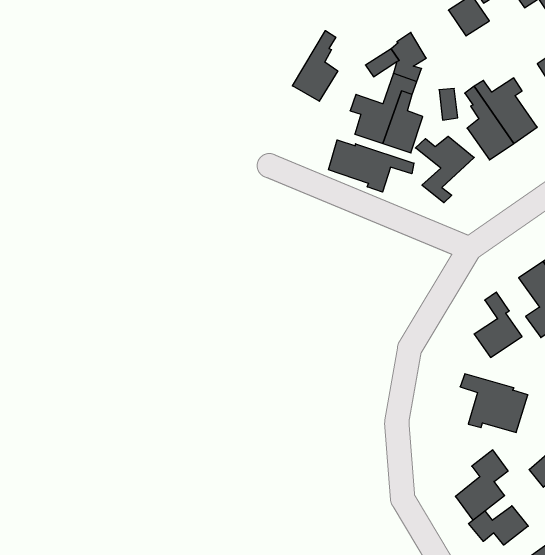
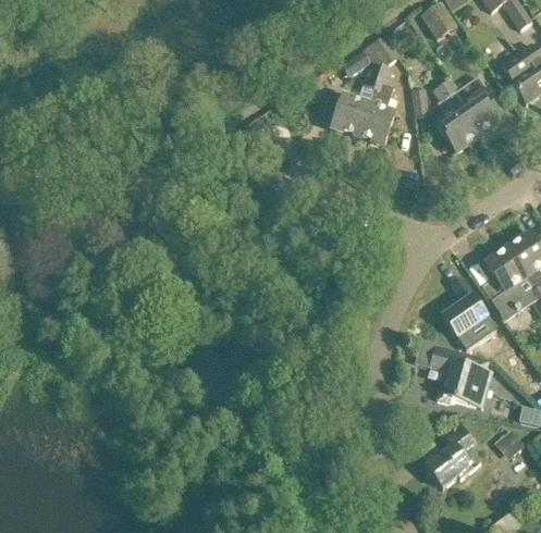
building: [292,31,338,101] -> none
building: [415,136,474,203] -> none
building: [328,140,414,192] -> none
building: [469,506,528,545] -> none

